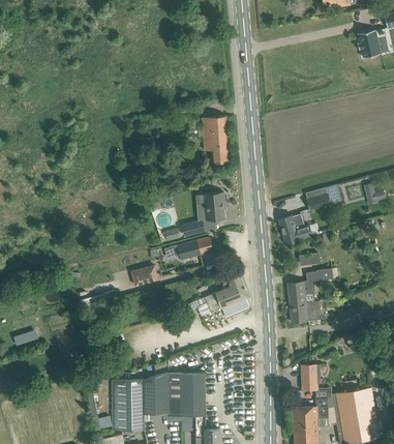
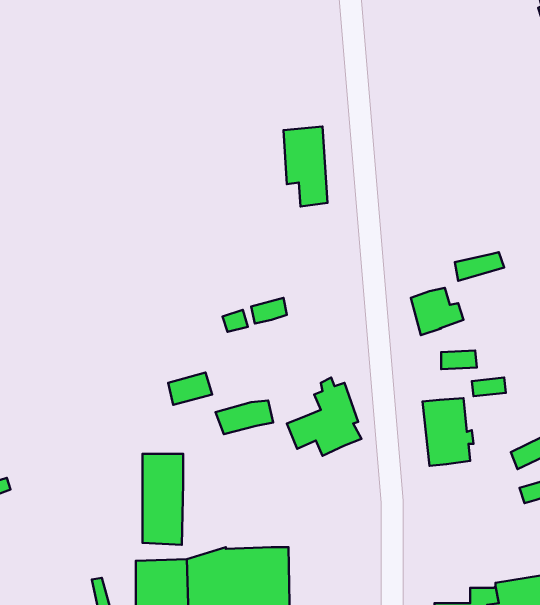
building: [194,193,224,220] -> none
building: [177,238,212,259] -> [215,400,273,434]
building: none -> [143,454,183,545]
building: [300,364,319,391] -> none

